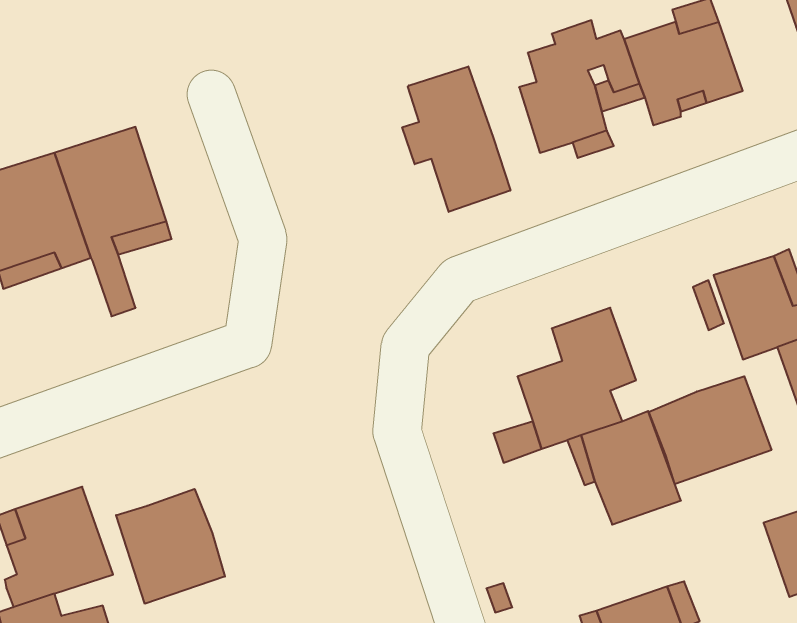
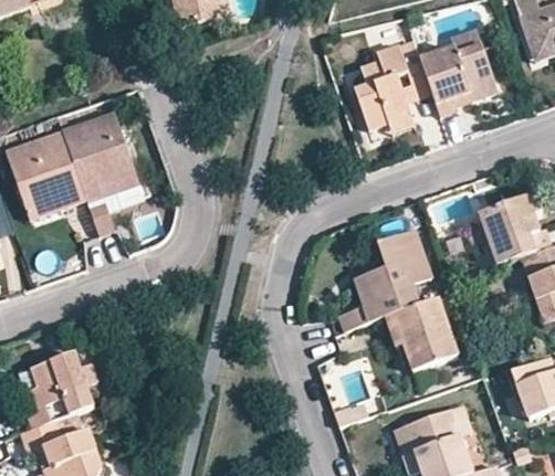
building: [402,66,510,212] -> none
building: [649,376,771,484] -> none
building: [116,489,225,604] -> none

